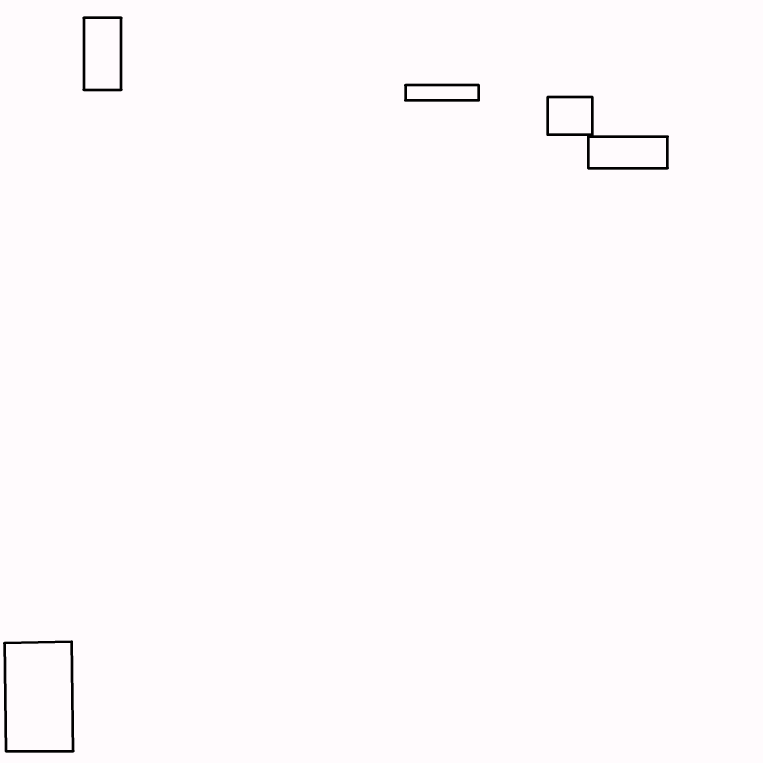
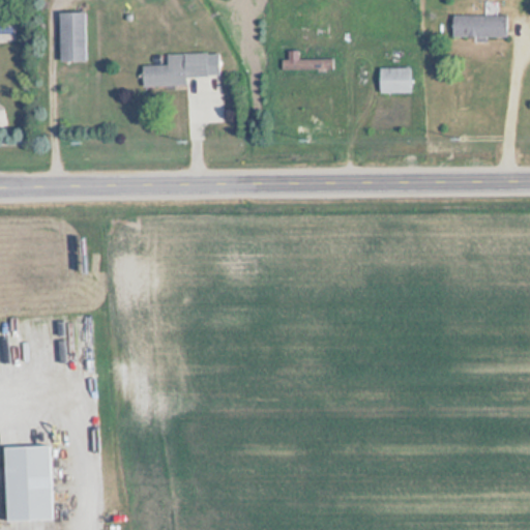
building: none -> [143,53,220,87]
building: [588,137,668,168] -> [452,16,507,37]

